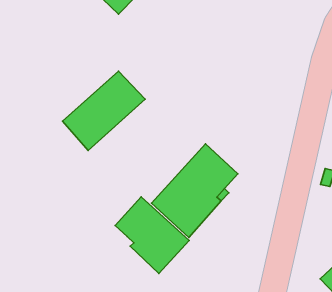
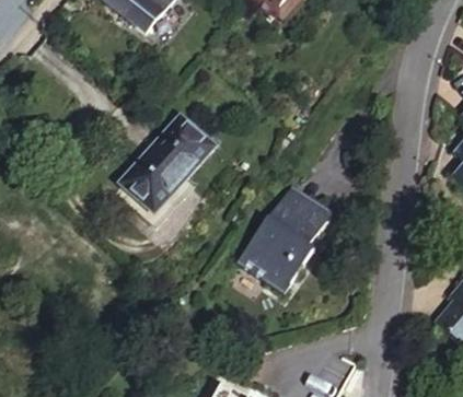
building: [115,197,189,273] -> none

